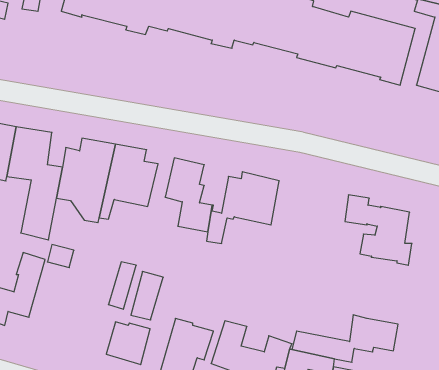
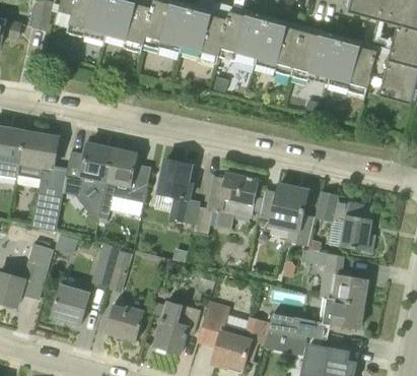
building: none -> [257,184,315,246]
building: none -> [305,250,367,306]
building: [131,271,163,320] -> [90,246,119,289]
building: none -> [51,284,89,325]

